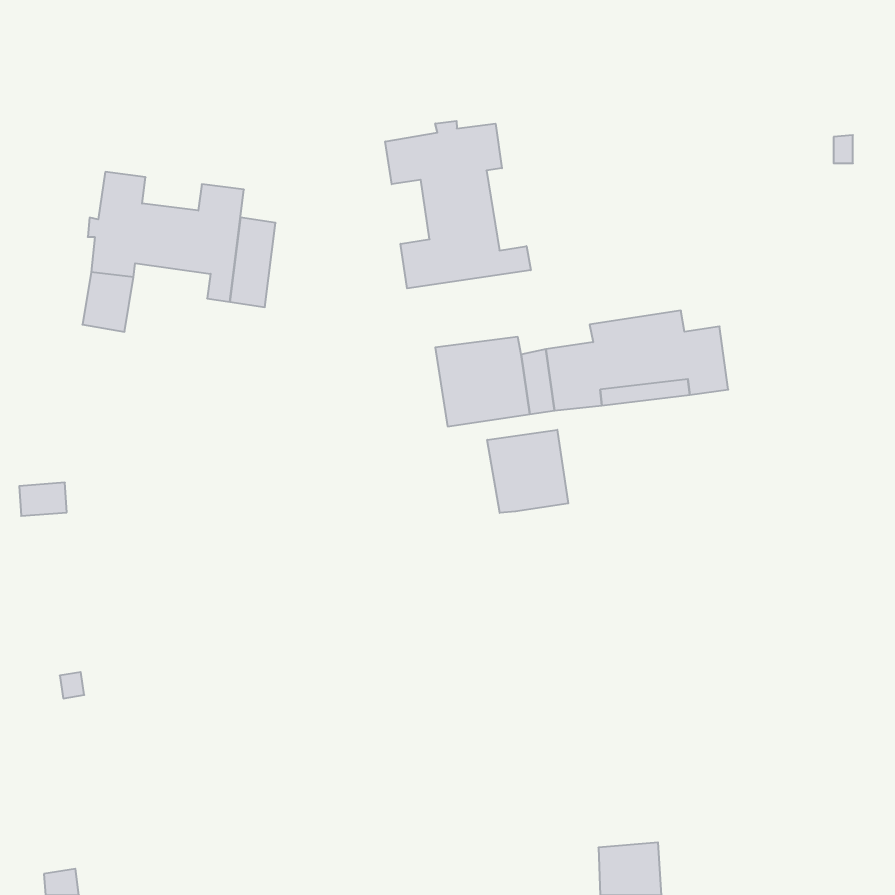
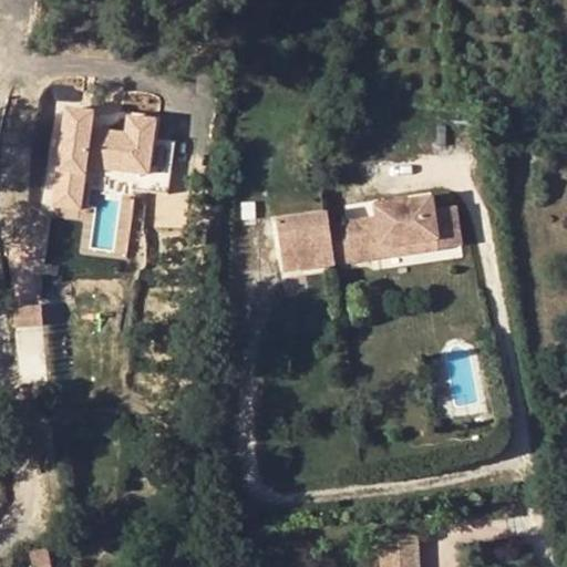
building: [385,121,531,288] -> none
building: [487,430,568,513] -> none

